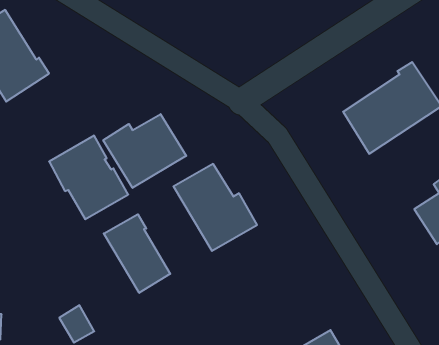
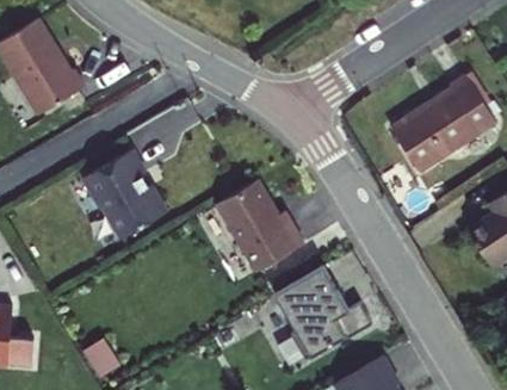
building: [103,114,186,188] -> none
building: [104,214,170,293] -> none
building: none -> [273,266,372,360]

